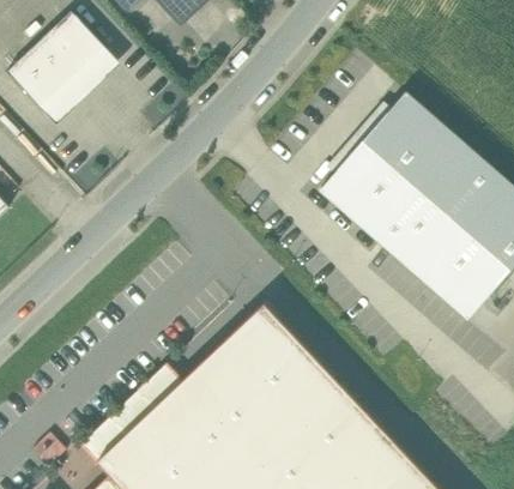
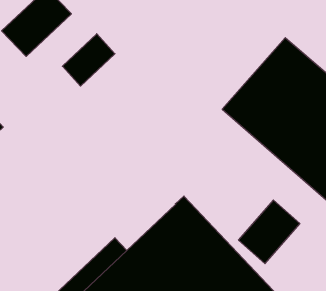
building: none -> [62,34,115,86]
building: none -> [239,200,300,264]

